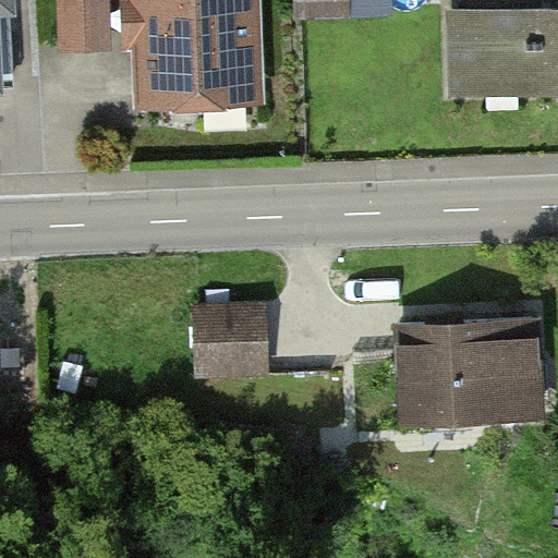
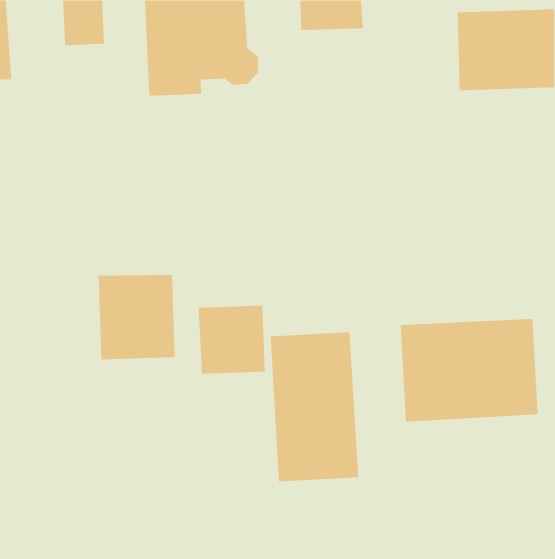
building: none -> [98,274,175,360]
building: none -> [270,332,359,482]

